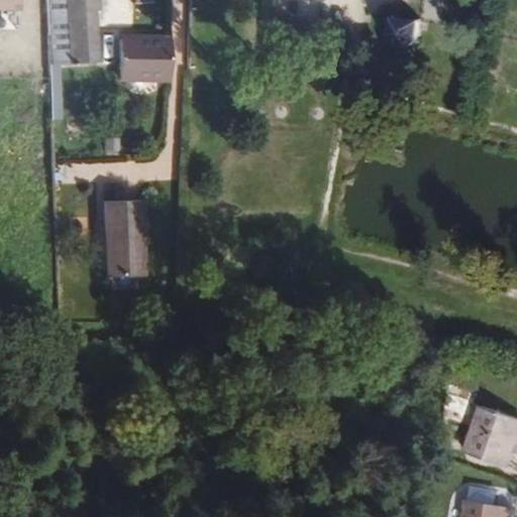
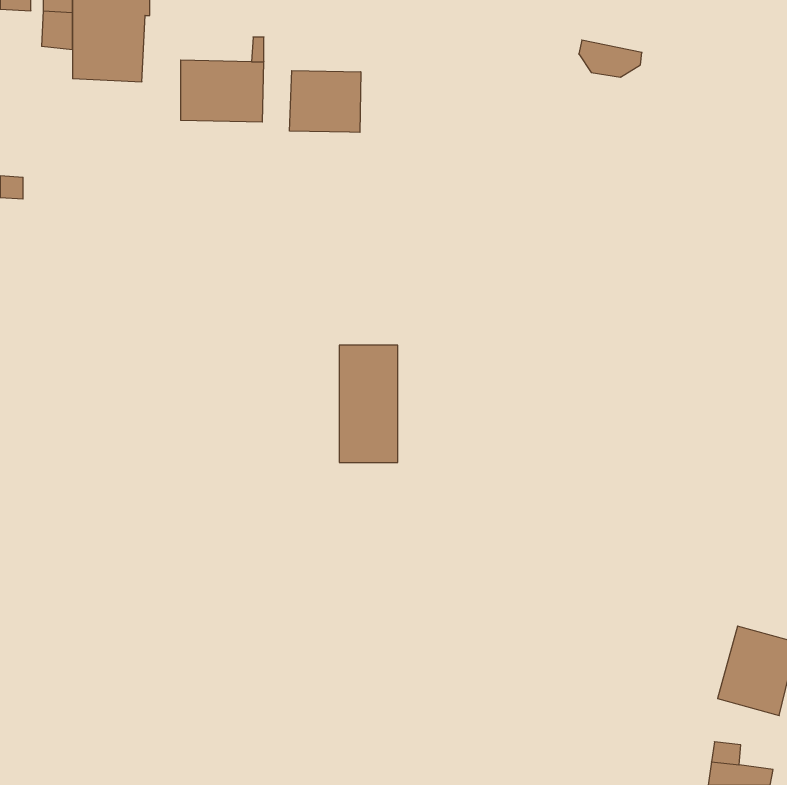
building: none -> [290,71,361,132]
building: [109,201,147,278] -> [339,345,398,462]

